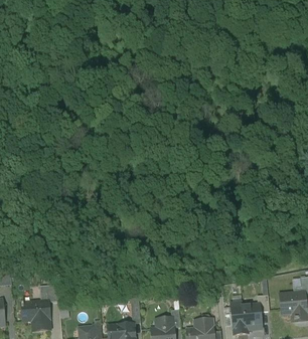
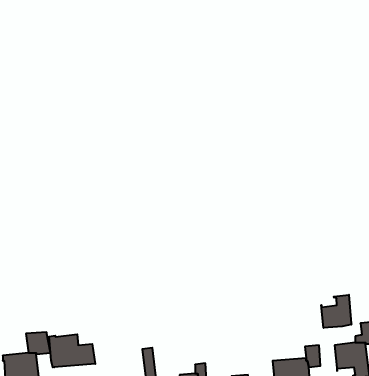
building: none -> [321,295,351,328]
building: none -> [49,334,95,367]

